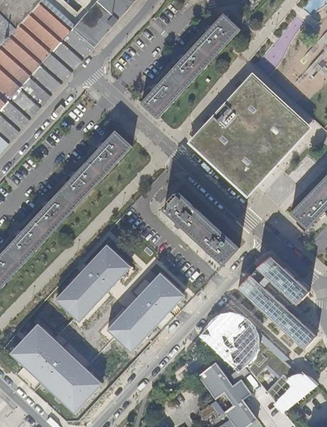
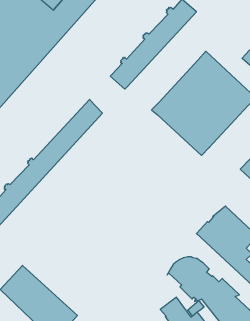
building: [164,192,239,263] -> none
building: [54,243,130,321] -> none
building: [108,272,184,350] -> none

